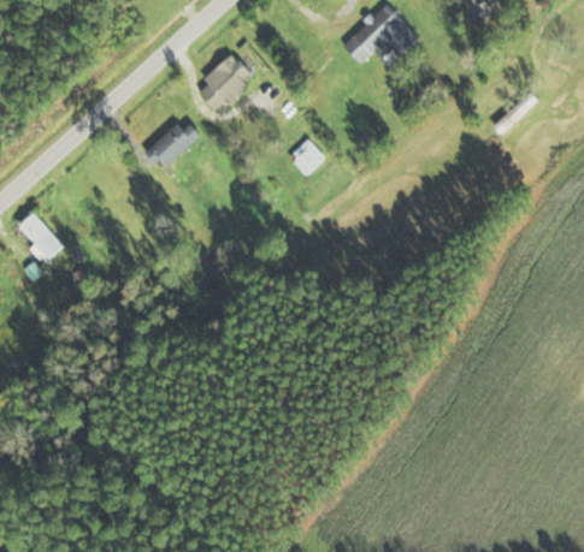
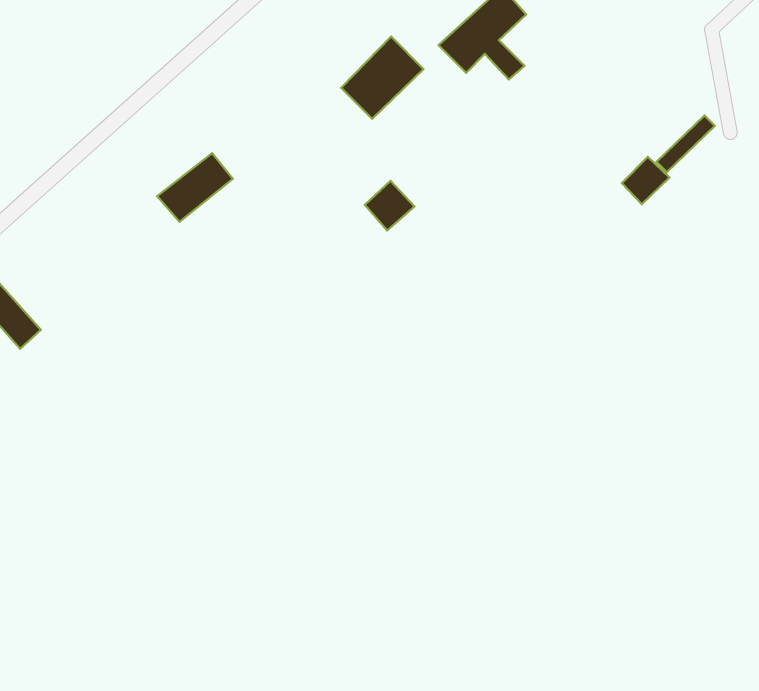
building: [196,54,254,112] -> [341,36,424,119]
building: none -> [622,157,670,204]

